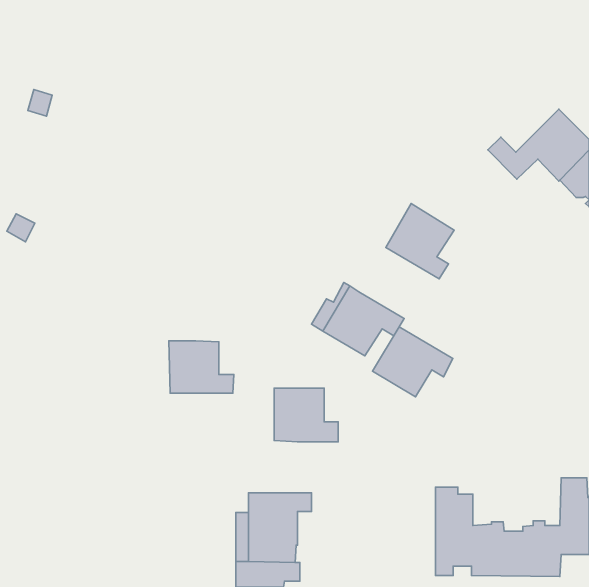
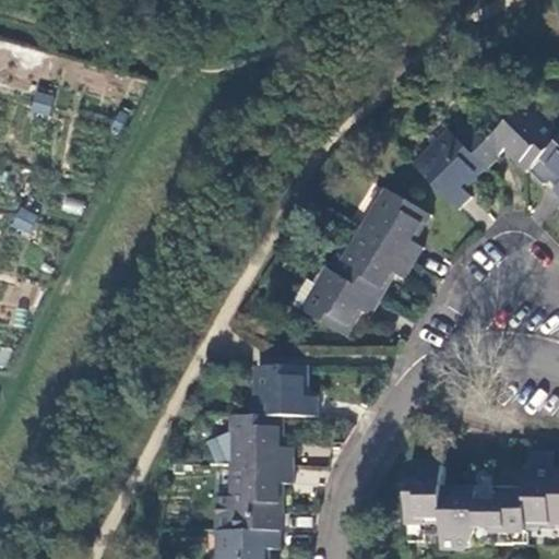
building: none -> [416,132,484,210]
building: [373,327,453,397] -> [337,233,413,298]
building: [169,341,234,393] -> [233,414,294,463]

